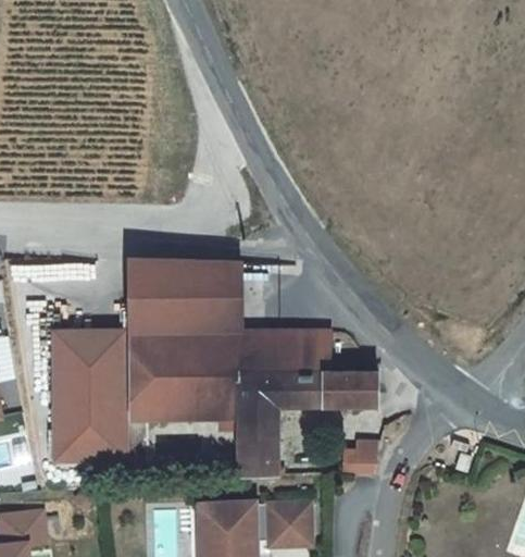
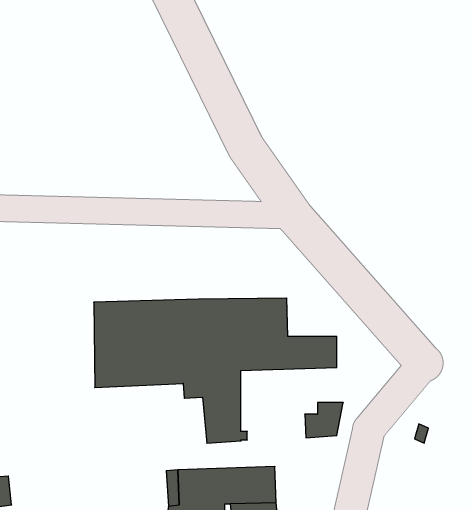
building: [127,265,235,334] -> none
building: [51,334,124,461] -> none

